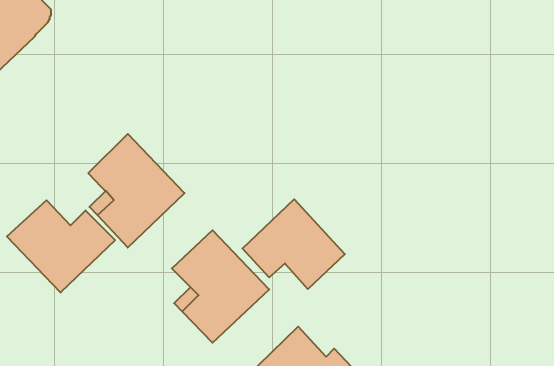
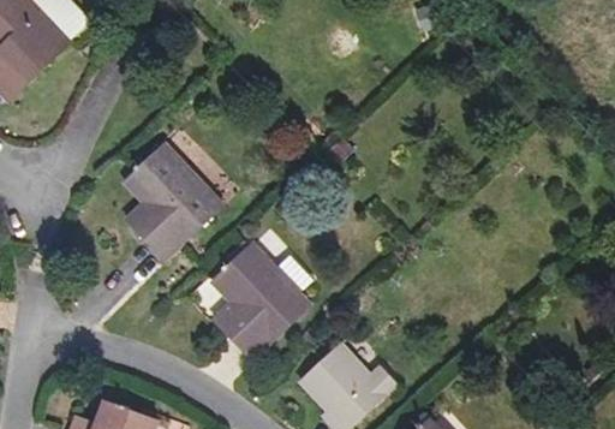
building: [242,199,345,289] -> none
building: [7,200,115,293] -> none

